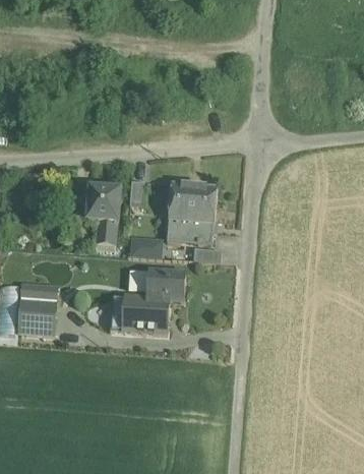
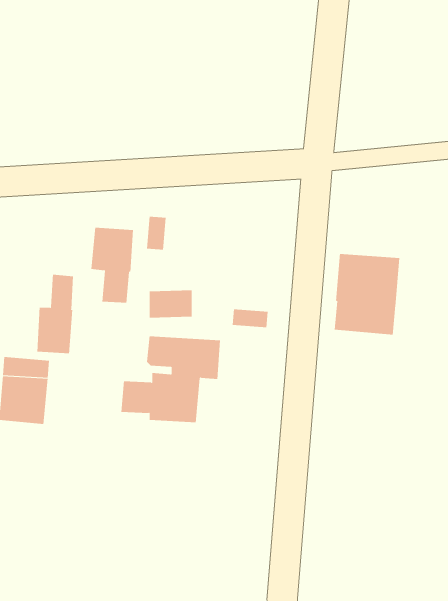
building: [166,182,216,243] -> [334,254,400,335]
building: none -> [37,274,74,354]

